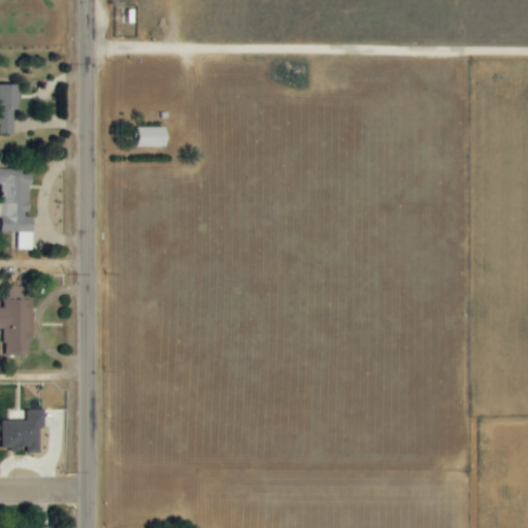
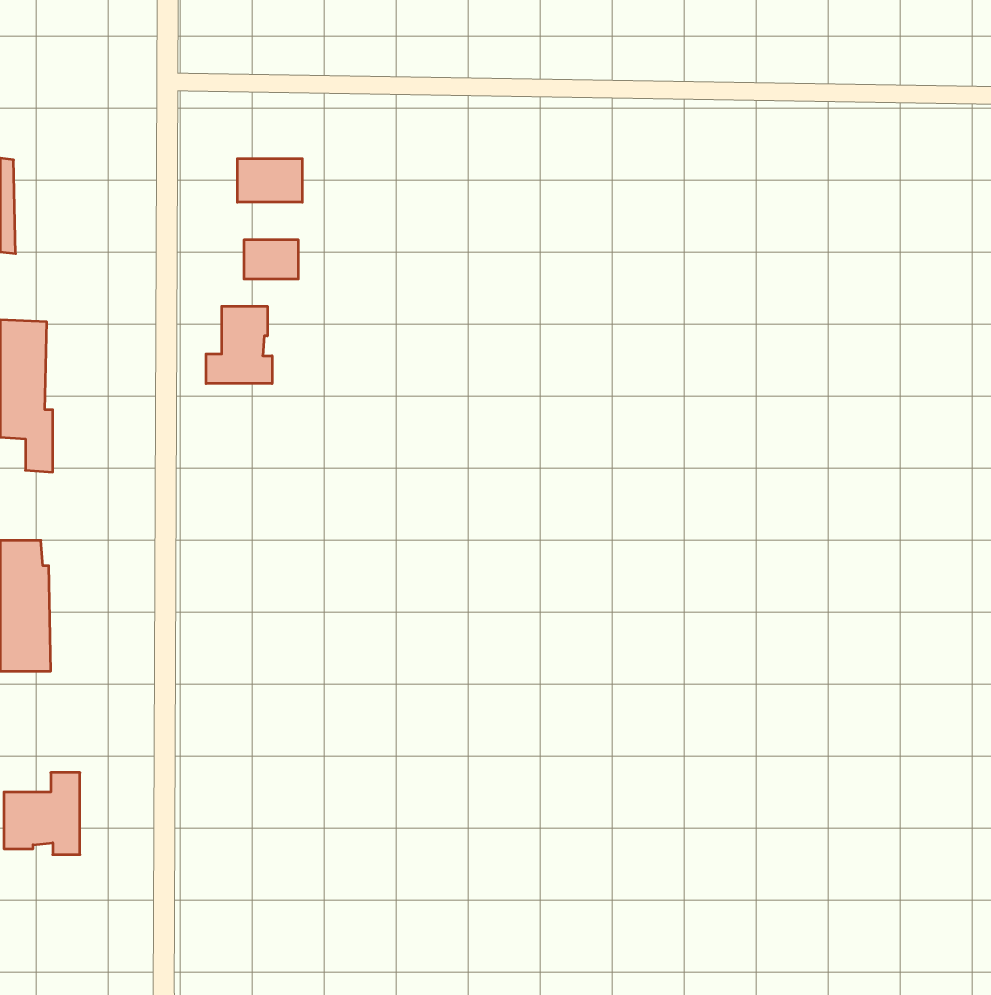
building: none -> [237,159,302,202]
building: none -> [206,306,272,384]

